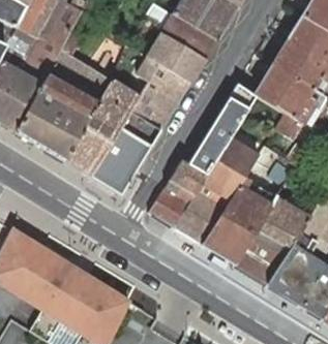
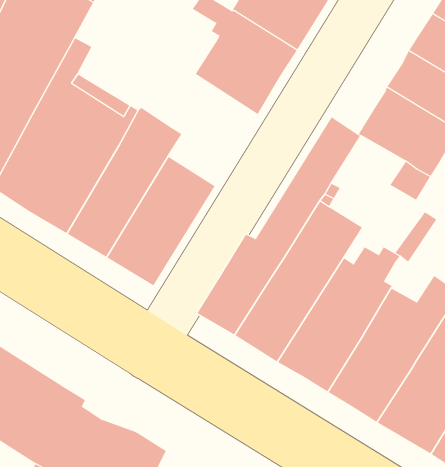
building: [130,57,189,130] -> none

